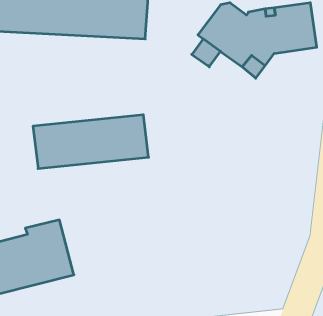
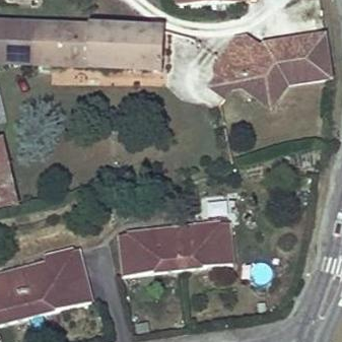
building: [33,115,149,169] -> [119,221,232,274]

